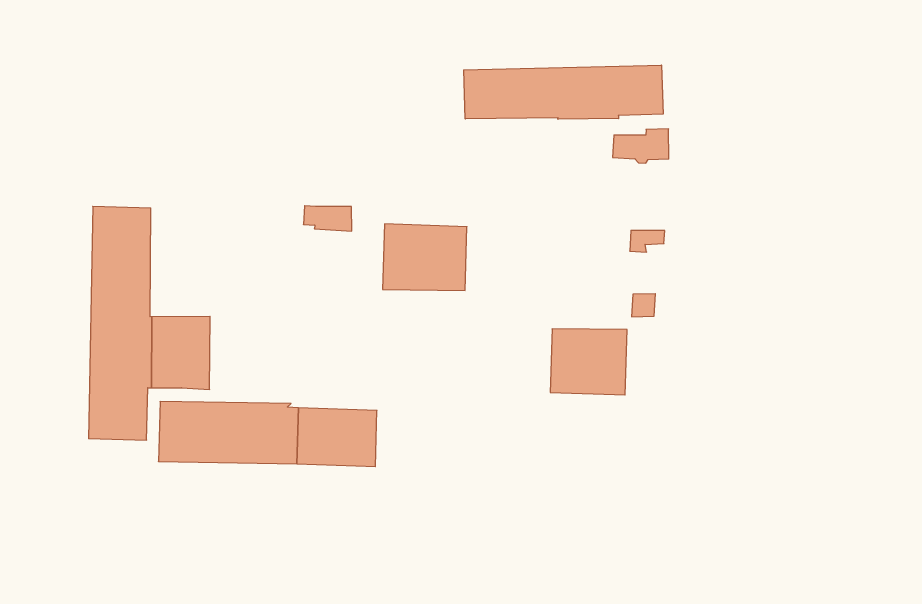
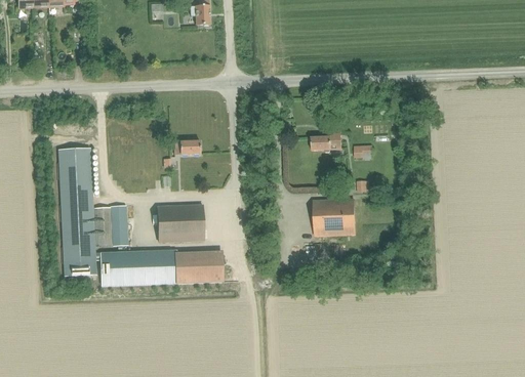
building: [464,65,663,119] -> none
building: [613,129,669,163] -> [311,131,341,151]
building: [383,224,467,290] -> [157,204,203,241]

